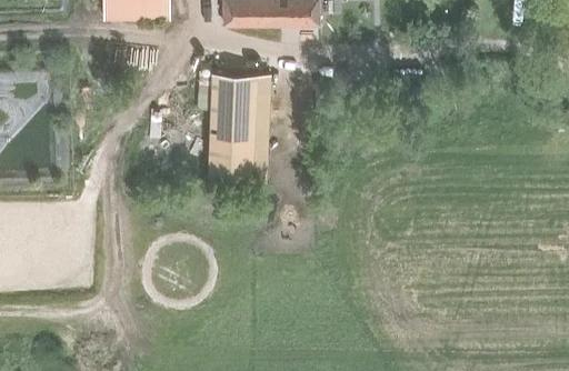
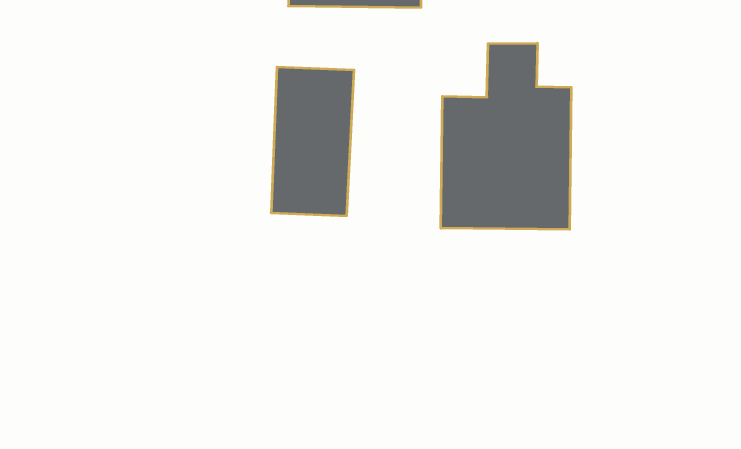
building: none -> [441,43,571,229]

